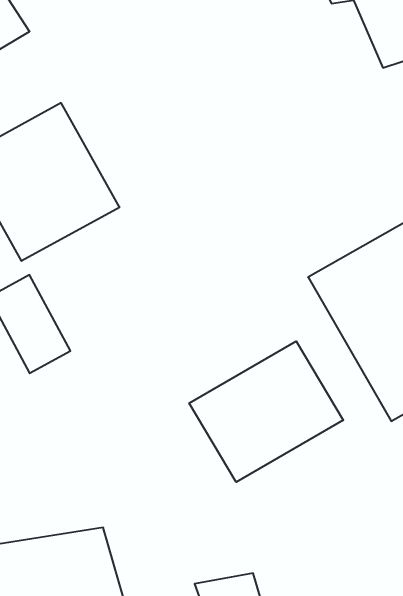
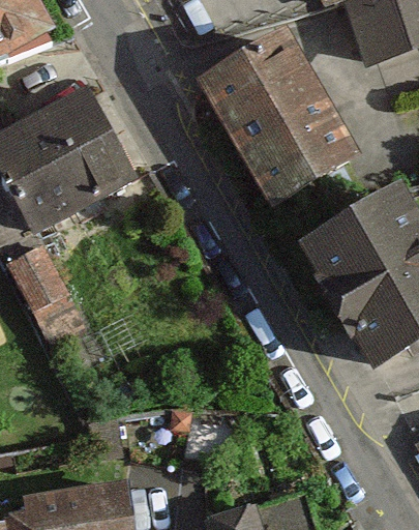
building: none -> [200,29,355,209]
building: [189,341,343,482] -> none

